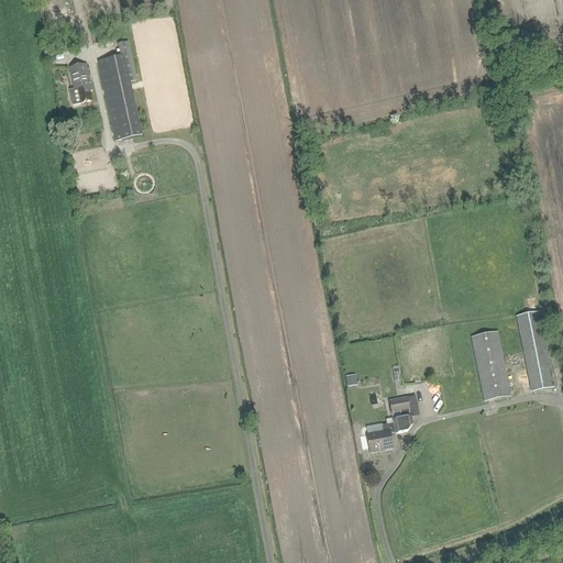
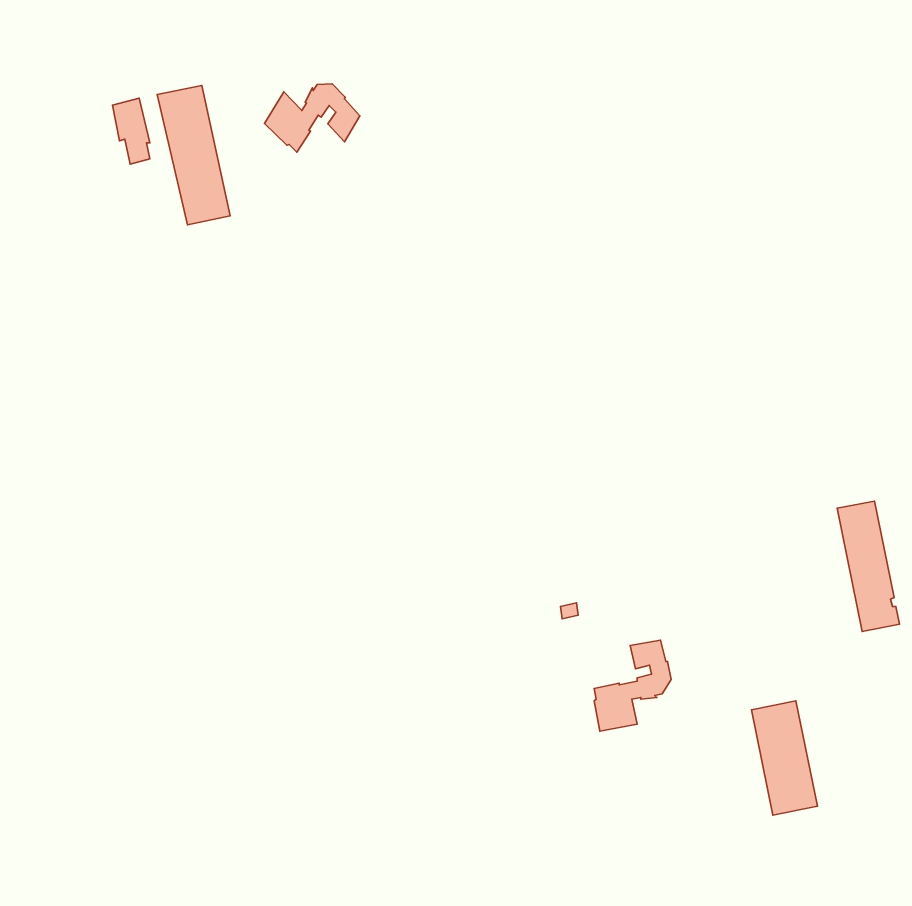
building: none -> [264,84,360,152]
building: [471,329,511,399] -> [751,701,817,815]

